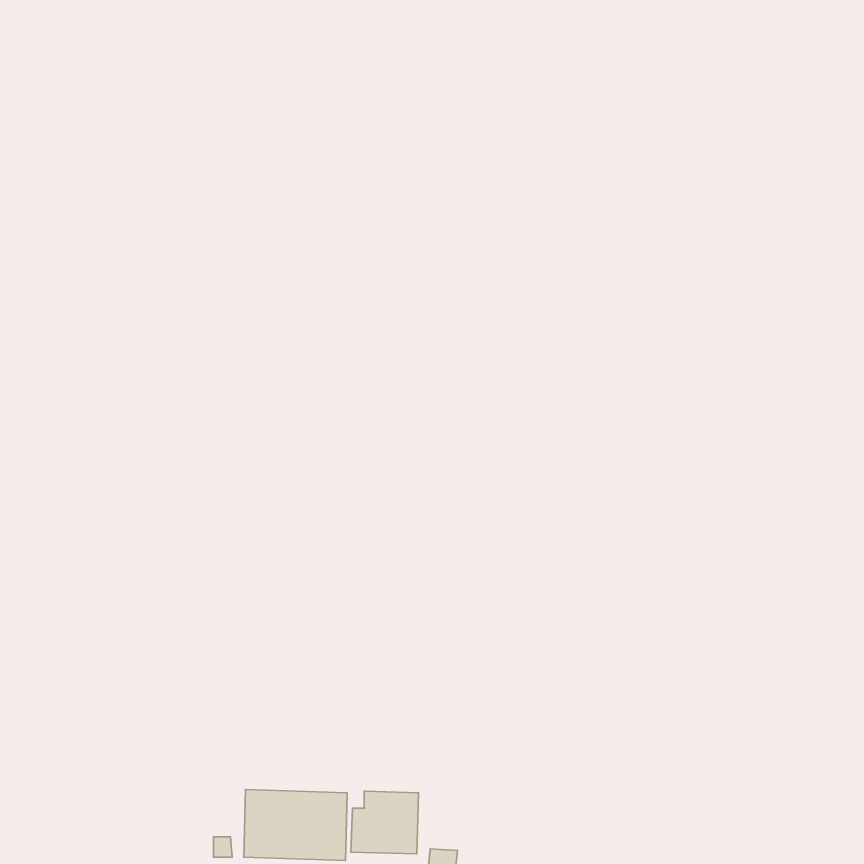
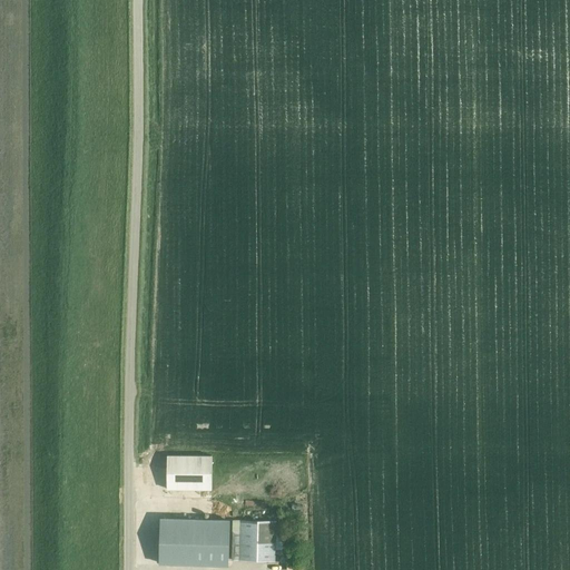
building: none -> [166,456,212,490]

